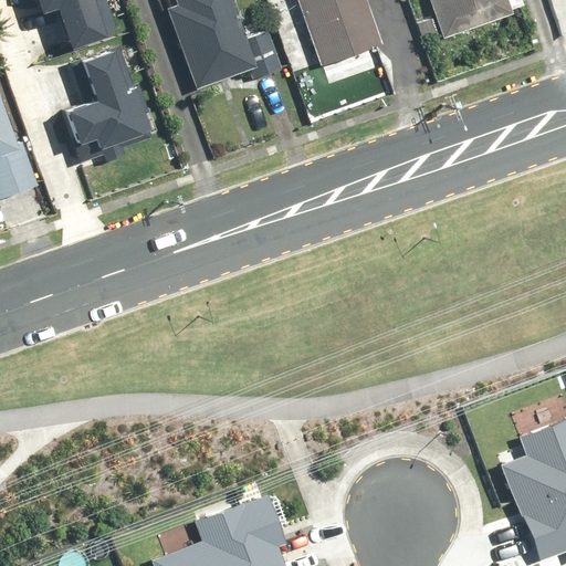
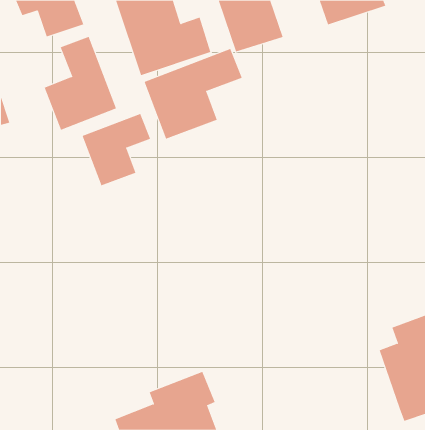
building: none -> [144,48,242,140]
building: none -> [82,113,151,186]

